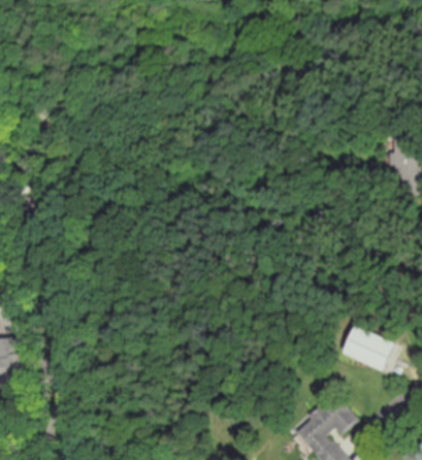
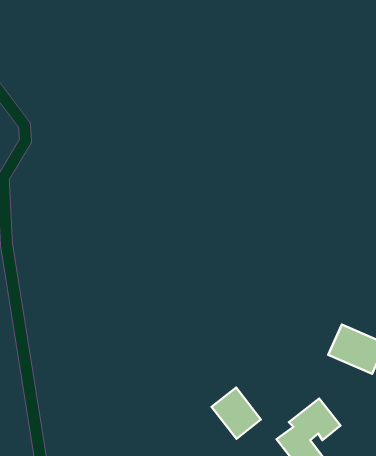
building: none -> [211,387,261,439]

